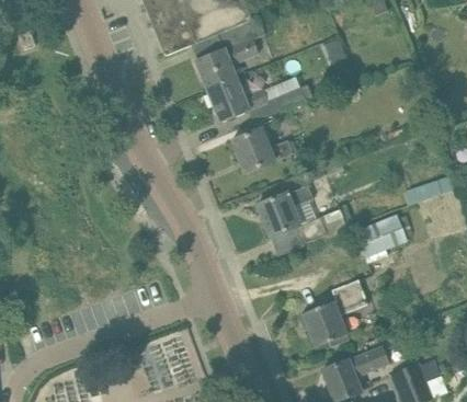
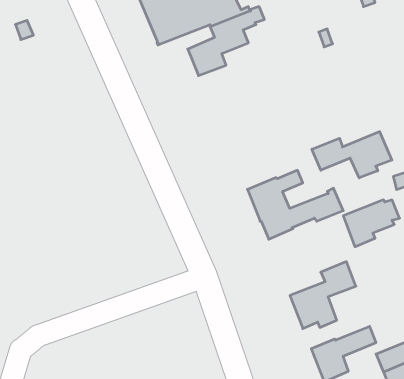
building: [206,76,307,122] -> none
building: [231,127,293,173] -> none
building: none -> [312,132,392,178]

